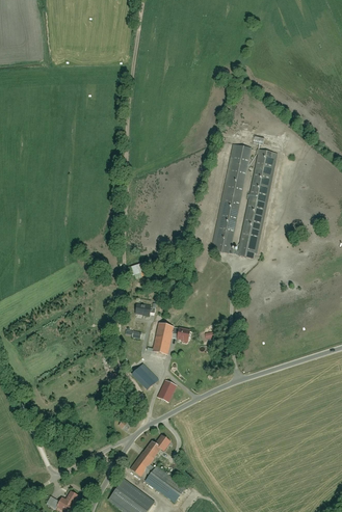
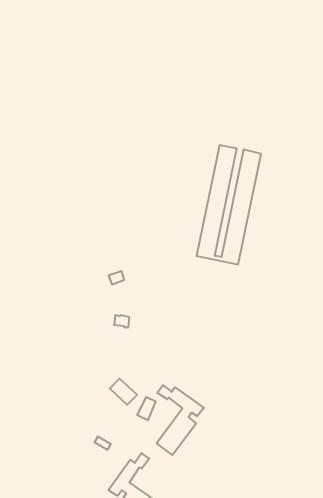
building: [152,324,187,354] -> none
building: none -> [157,385,204,455]

